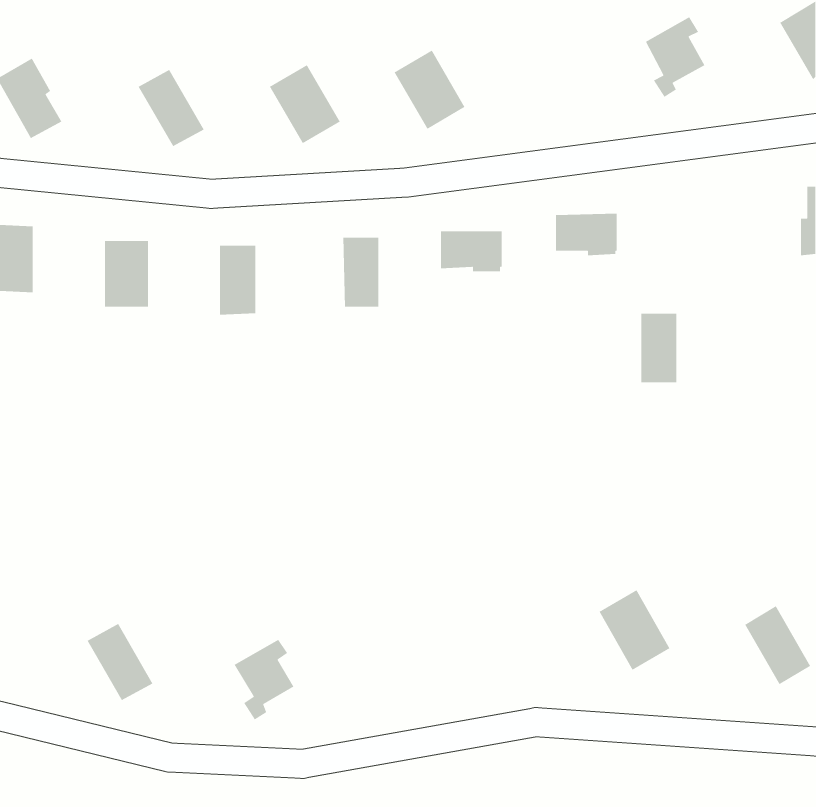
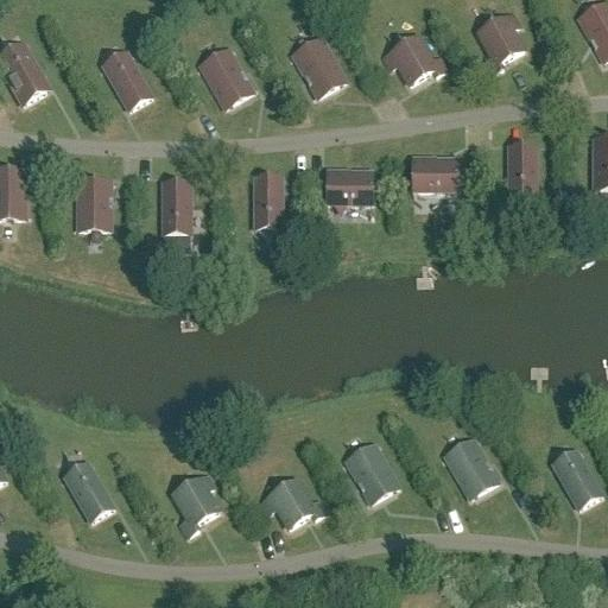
building: none -> [384,36,445,83]
building: [640,313,677,383] -> [508,145,536,197]
building: none -> [346,442,399,502]
building: none -> [262,479,325,526]

